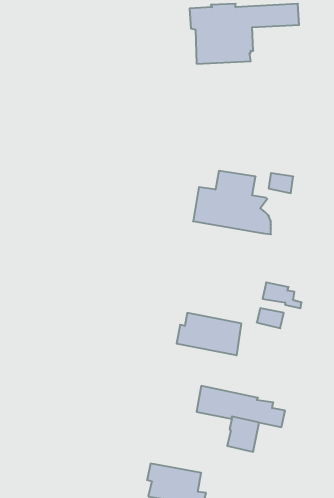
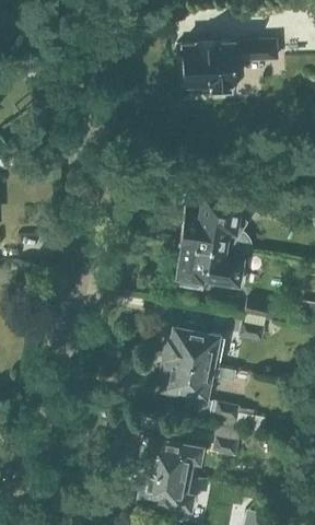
building: none -> [178,244,247,291]
building: none -> [164,358,238,399]
building: none -> [142,439,202,478]

